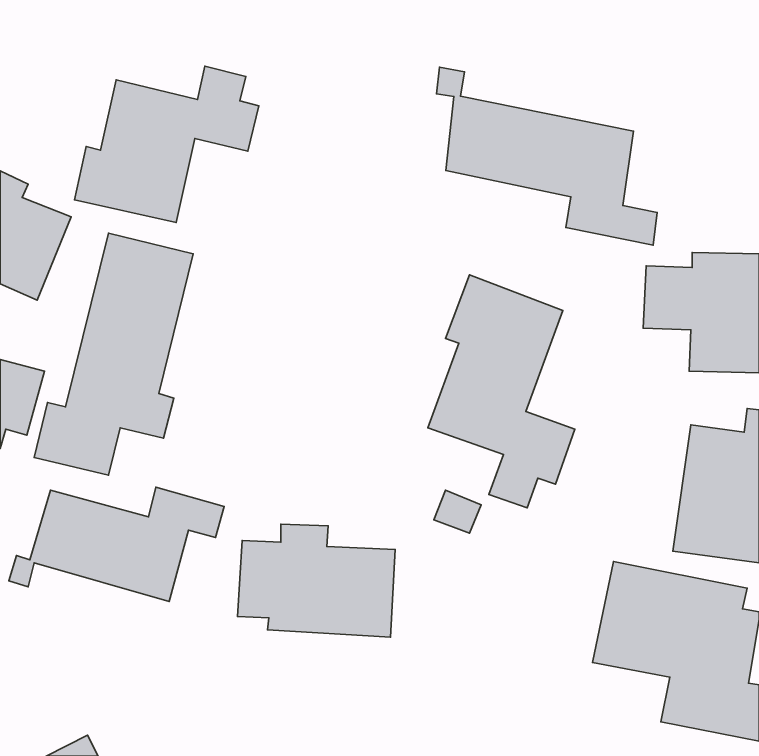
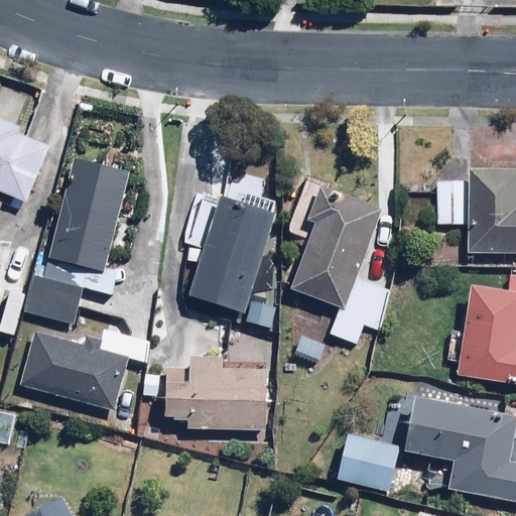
building: [75,66,259,222] -> none
building: [437,67,657,245] -> none
building: none -> [185,192,276,330]
building: none -> [337,435,398,493]

